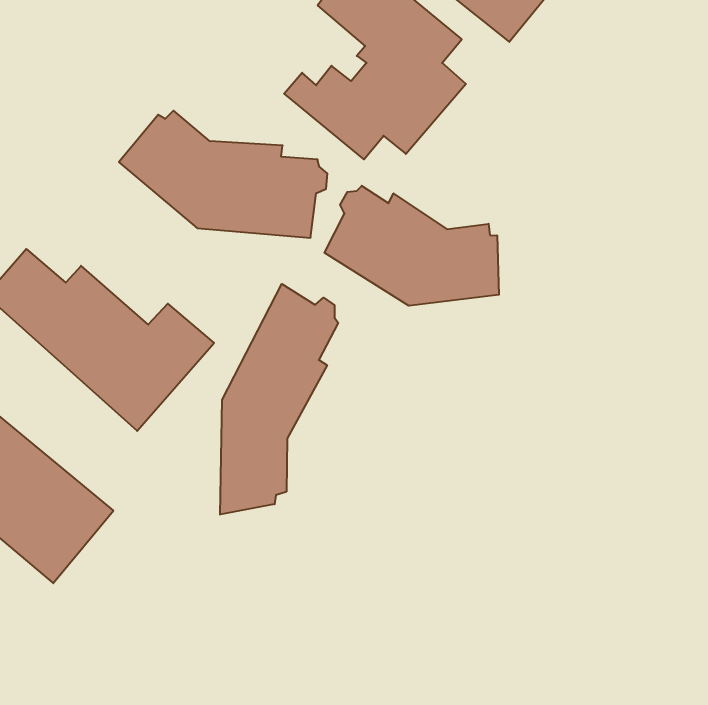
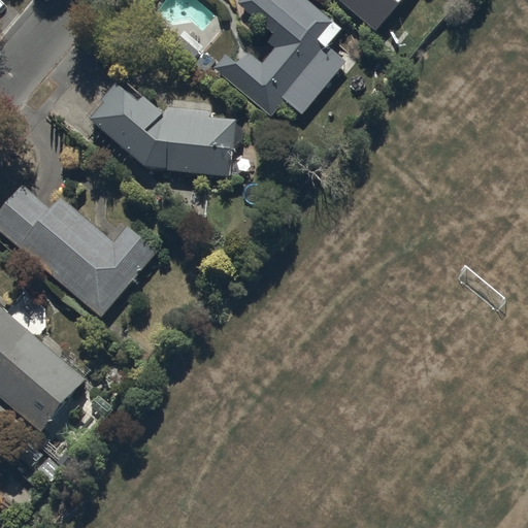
building: [324,186,499,306] -> none
building: [220,284,338,515] -> none

